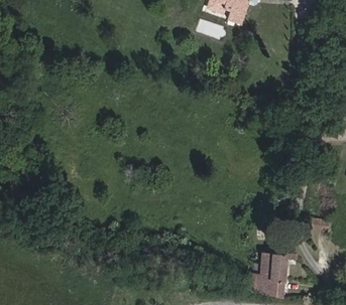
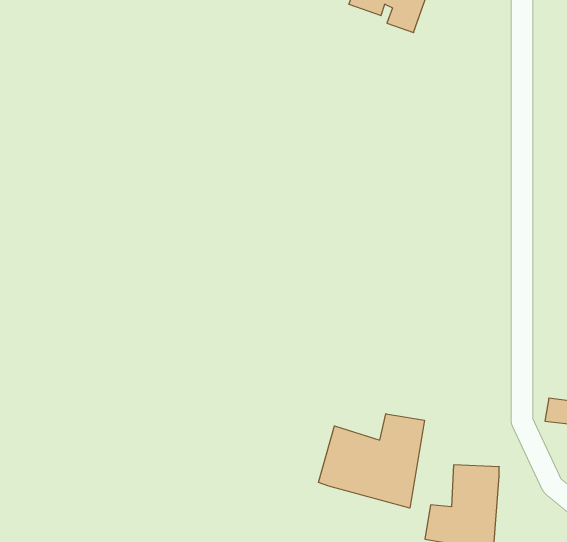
building: none -> [319,414,424,508]

